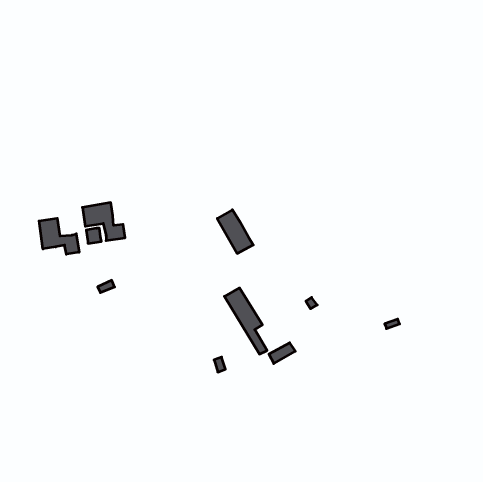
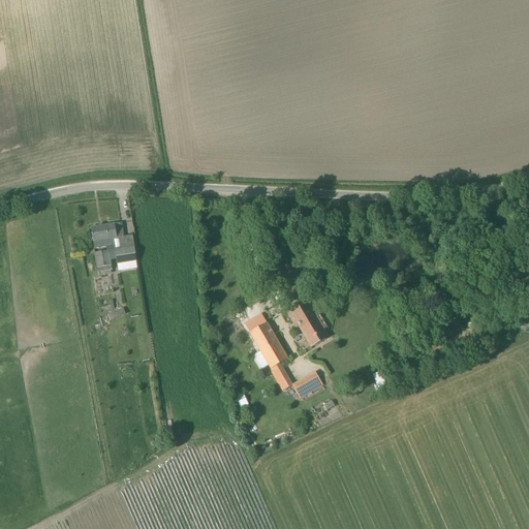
building: [217,210,253,253] -> [288,299,328,346]
building: [39,218,79,254] -> none

